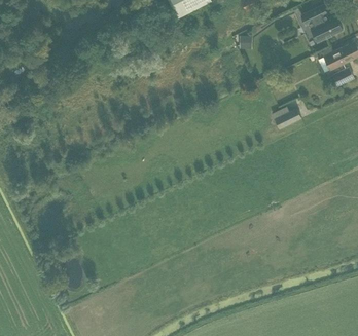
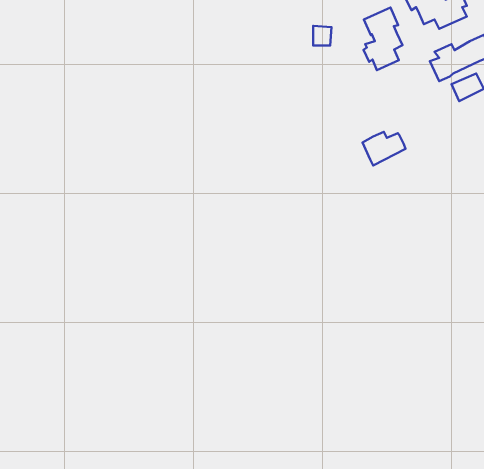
building: none -> [363,7,403,70]

